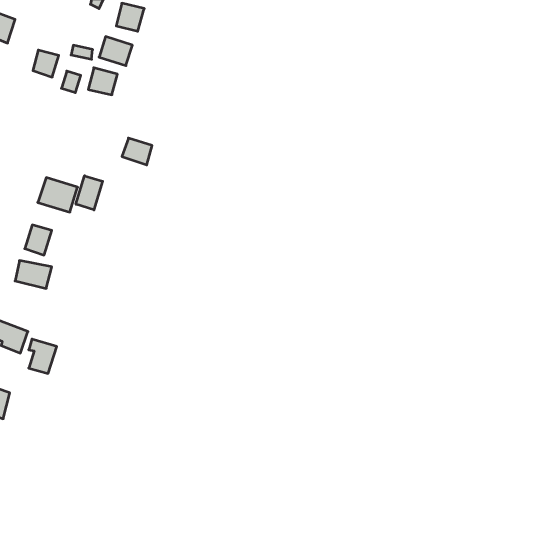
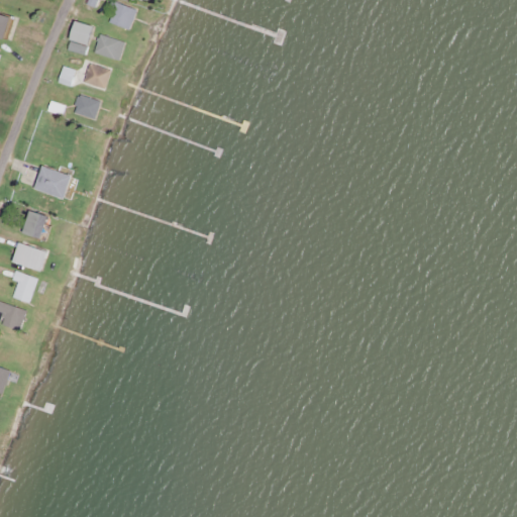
building: [33,50,59,77] -> [71,21,95,46]
building: [122,138,152,165] -> [72,95,100,120]
building: [76,176,103,210] -> none
building: [29,339,57,373] -> [11,271,37,303]

